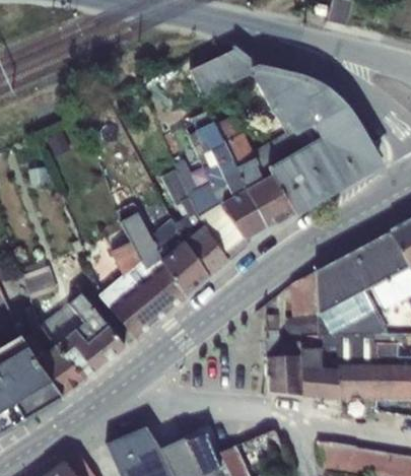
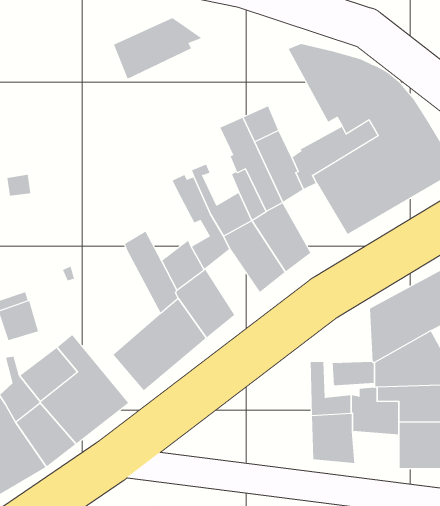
building: [190,49,260,97] -> [113,17,202,79]
building: [246,175,296,229] -> none
building: [185,226,227,278] -> none
building: [99,227,149,310] -> none
building: [289,273,316,316] -> none
building: [300,369,337,399] -> none

